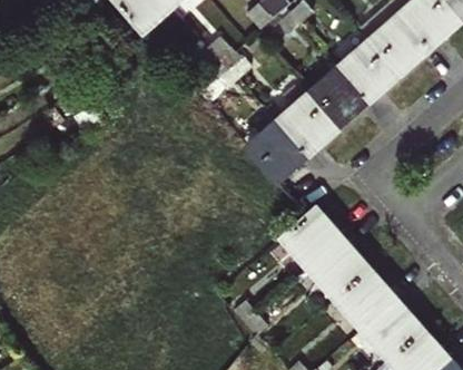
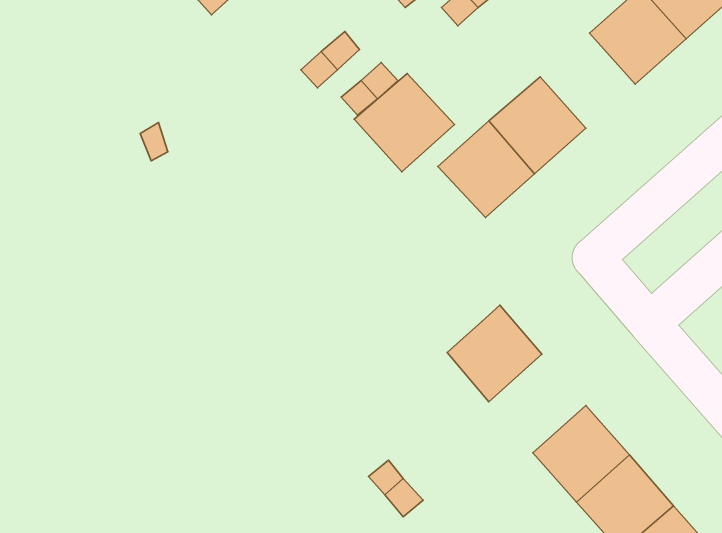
building: [339,40,397,98] -> none
building: [245,121,306,182] -> [354,73,455,172]
building: [308,236,367,296] -> none

